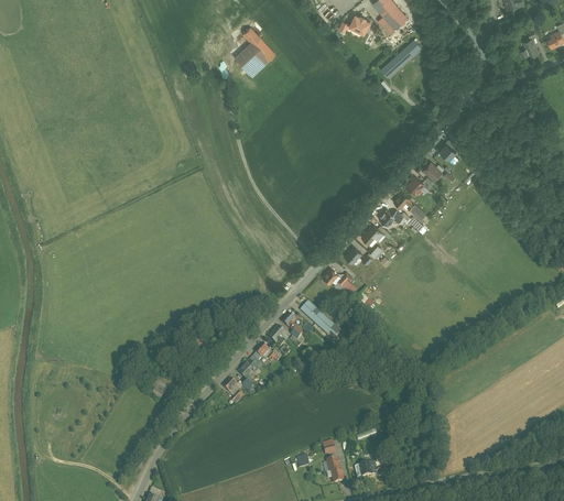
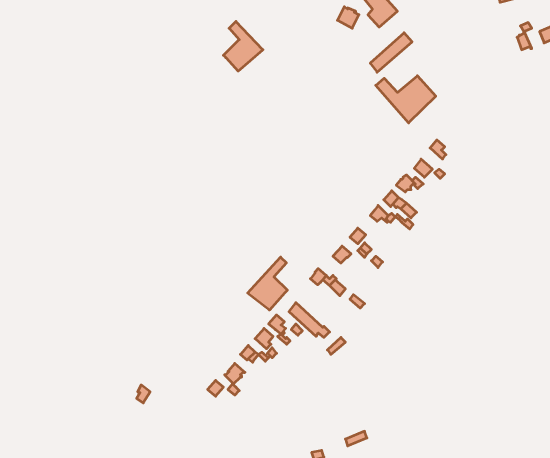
building: none -> [376,76,436,123]
building: none -> [248,257,287,310]

